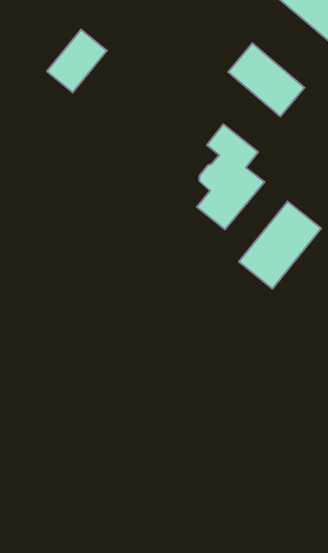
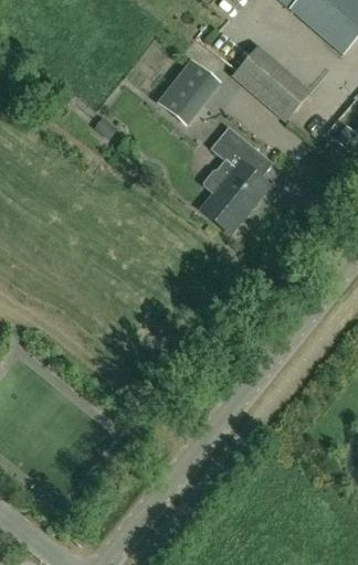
building: [47,29,107,93] -> [157,62,217,125]
building: [239,201,321,289] -> none

